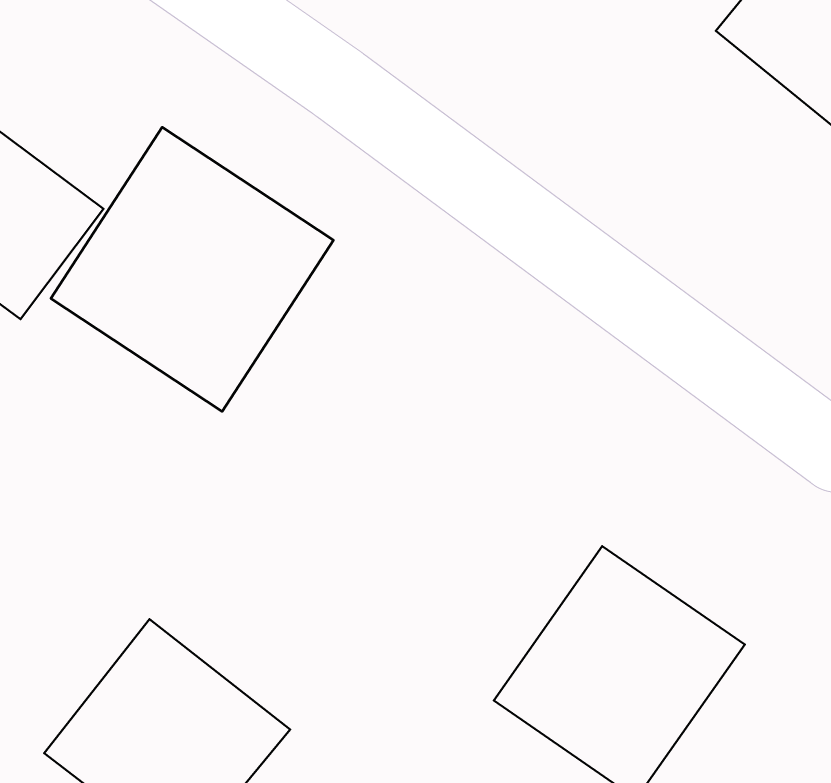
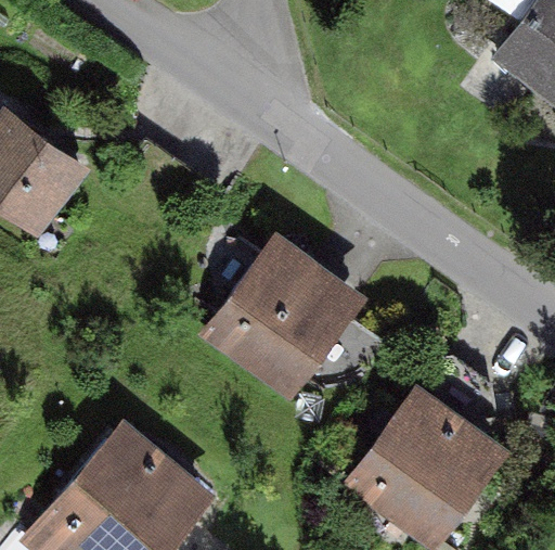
building: [51,127,334,412] -> none
building: none -> [221,252,360,391]

